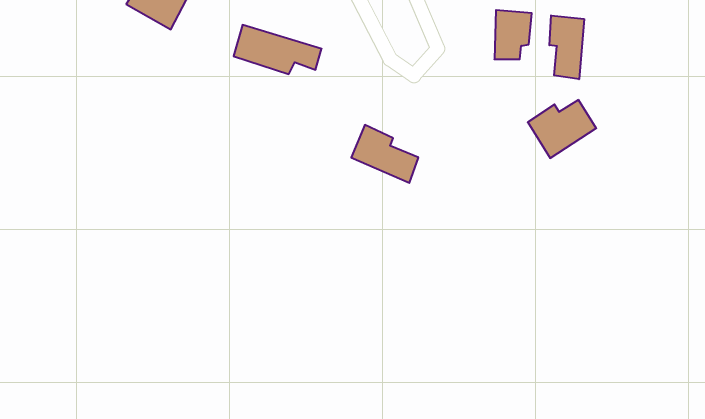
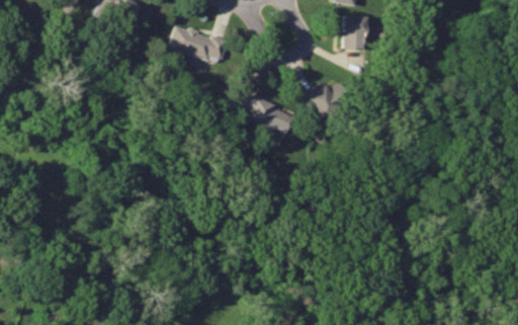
building: [549,15,584,79] -> none
building: [528,100,596,158] -> [309,81,355,120]

